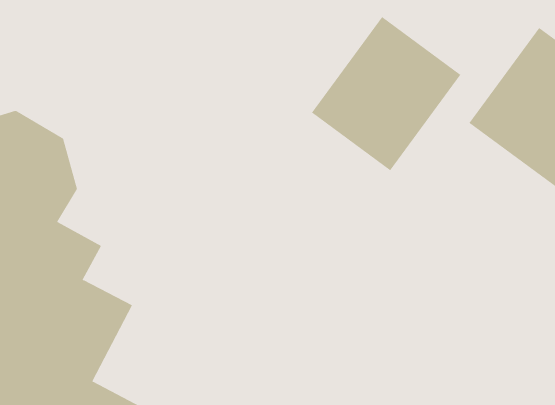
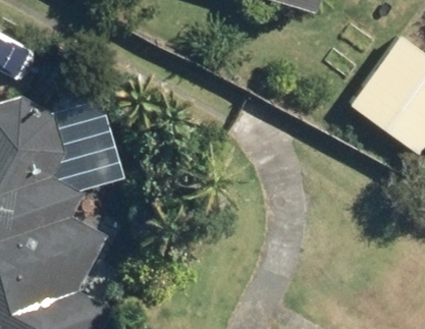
building: [311,16,461,171] -> none

